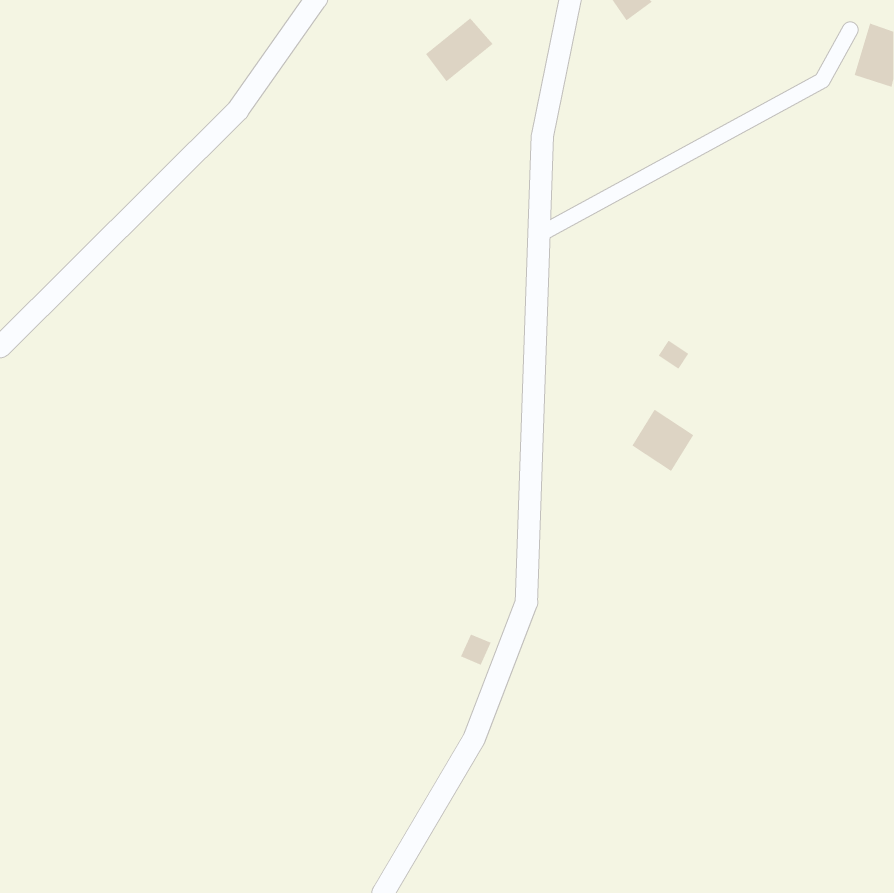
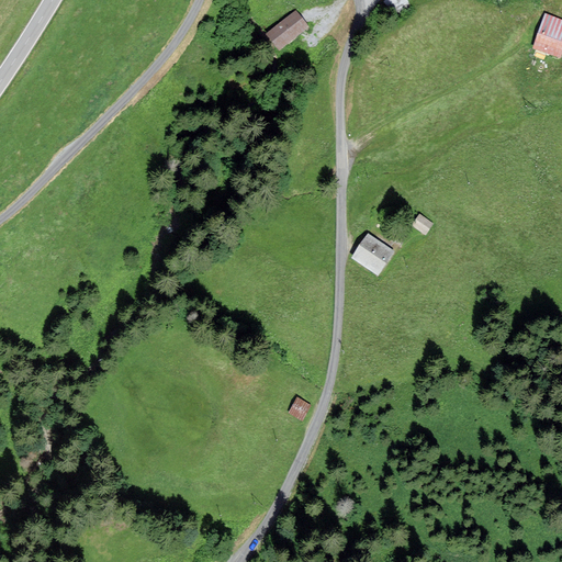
building: [631,409,694,472] -> [352,233,392,272]

